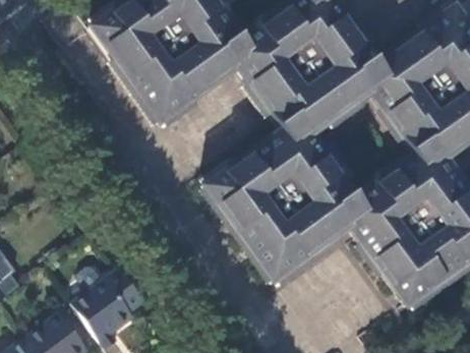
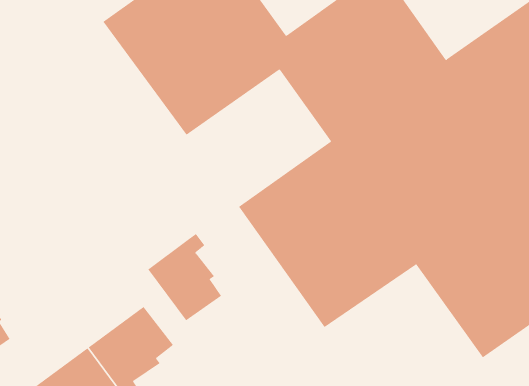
building: none -> [148,233,222,321]

